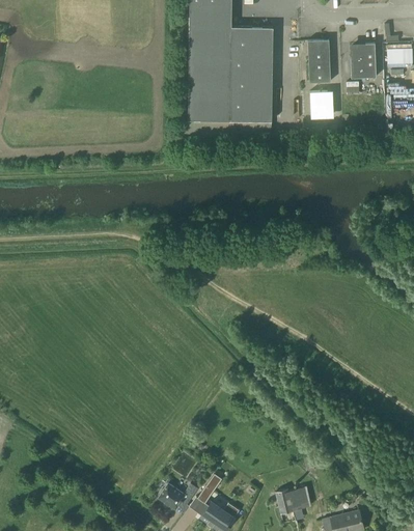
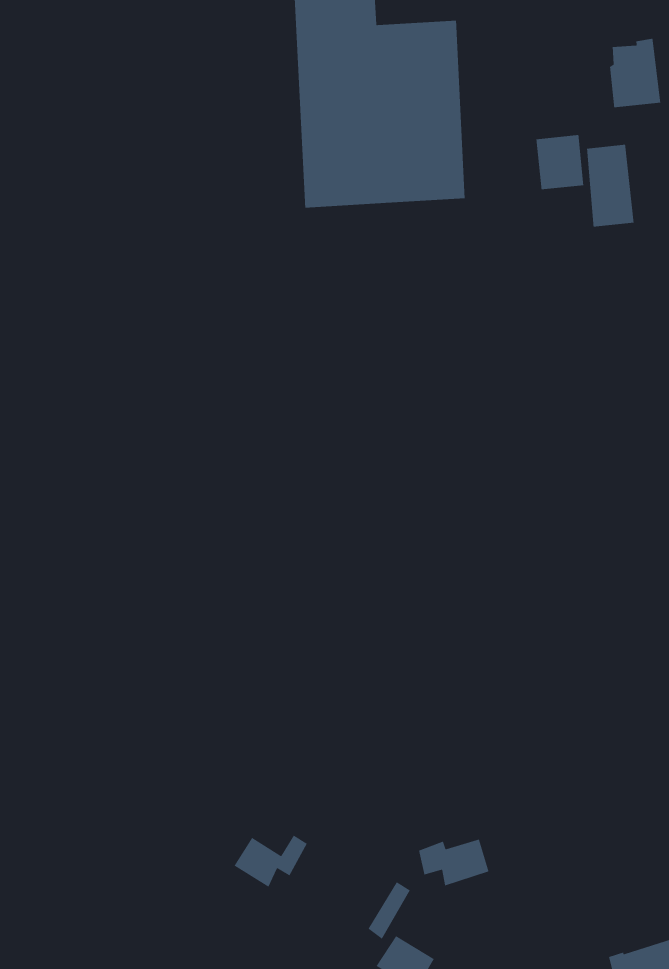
building: [308,39,331,82] -> [586,144,634,228]
building: [159,482,198,509] -> [234,834,308,888]
building: [275,487,311,511] -> [418,838,489,886]

